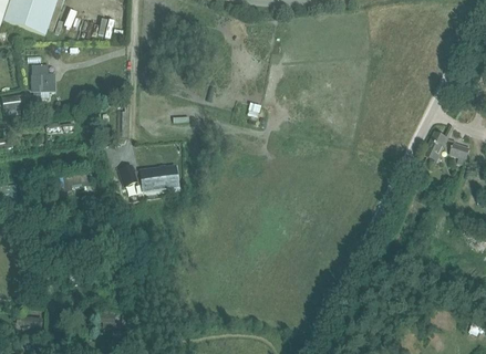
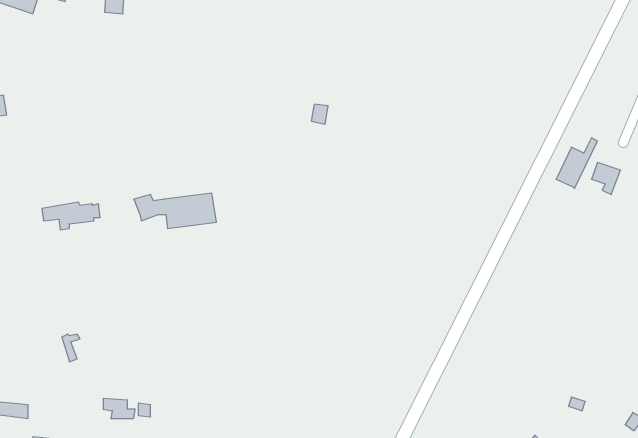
building: [30,63,54,96] -> none

